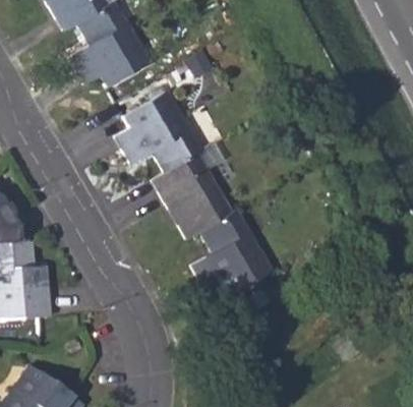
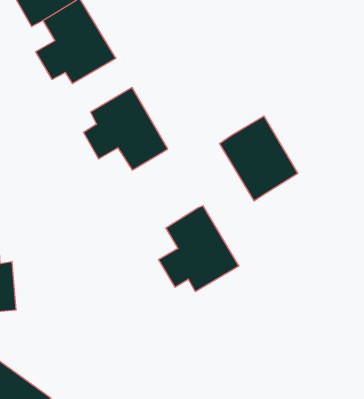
building: [153,155,231,239] -> [219,116,298,201]

